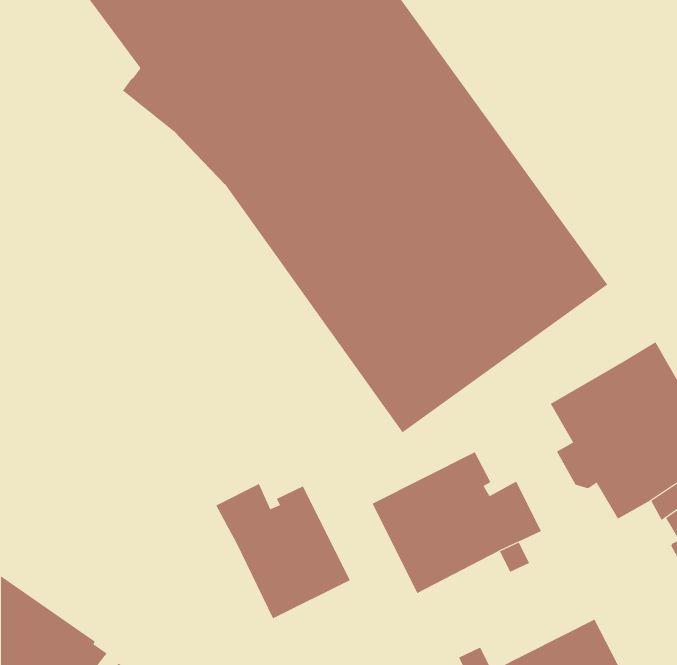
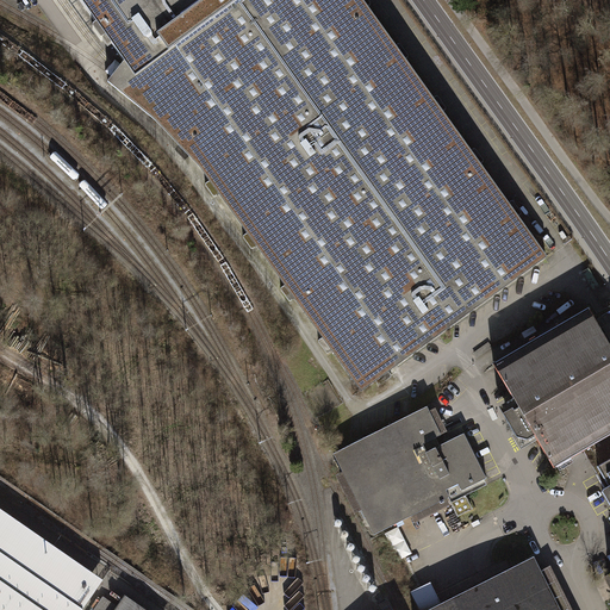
building: [216,483,351,619] -> none

